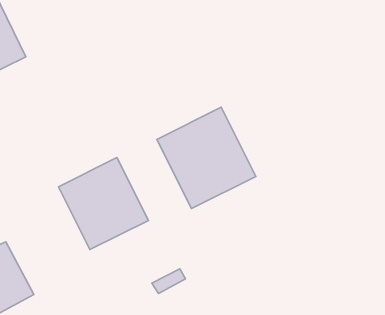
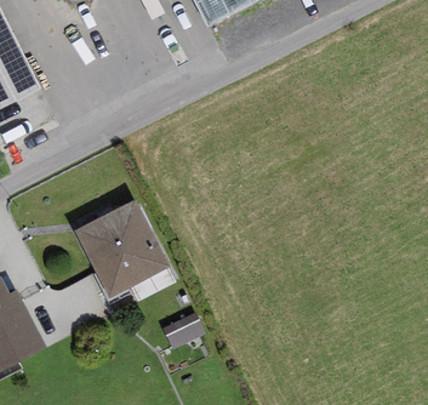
building: [157,107,256,208] -> none

